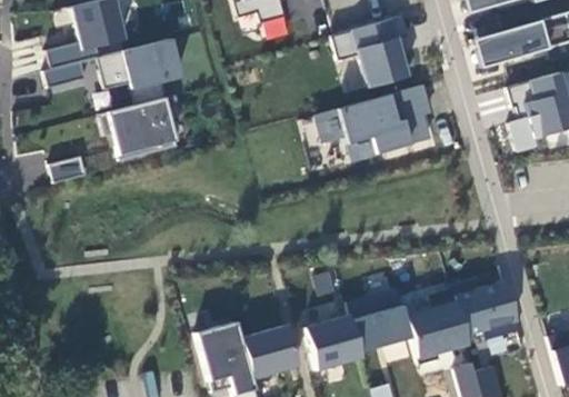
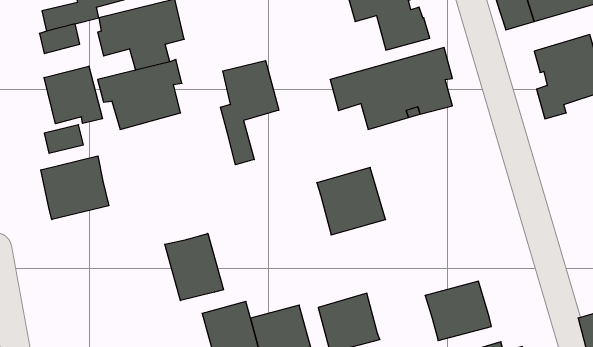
building: none -> [221,61,279,165]
building: none -> [44,66,102,124]
building: none -> [41,156,109,220]
building: none -> [165,233,223,301]
building: [453,279,518,336] -> none
building: [348,288,412,351] -> [317,167,386,235]

